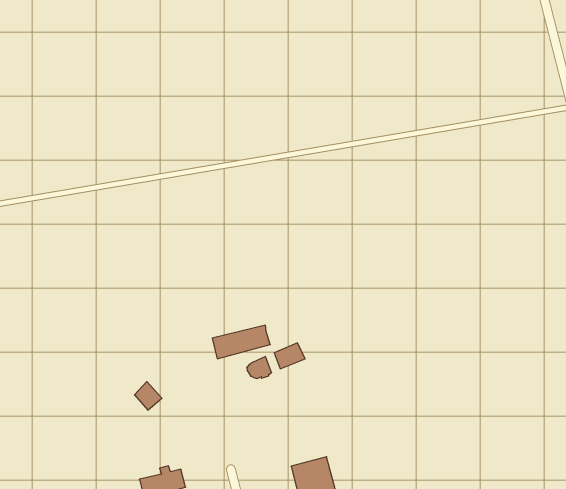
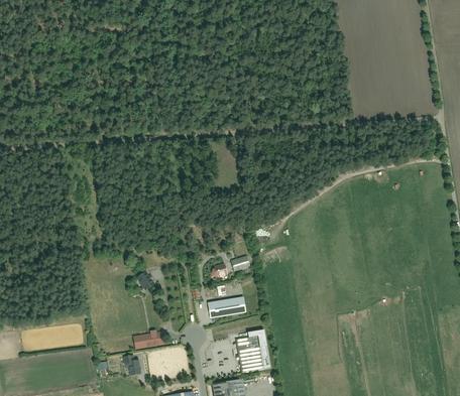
building: [212,325,270,359] -> [210,297,248,316]

